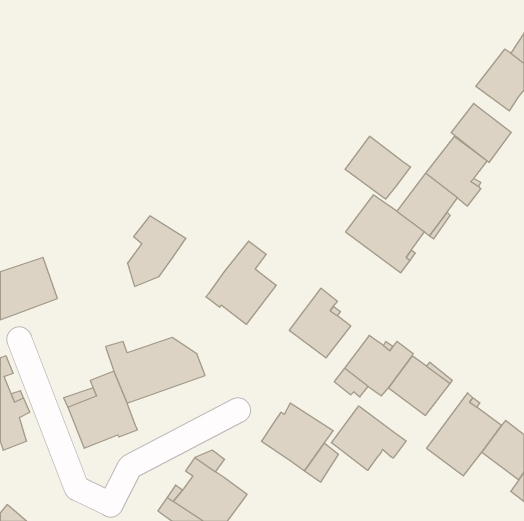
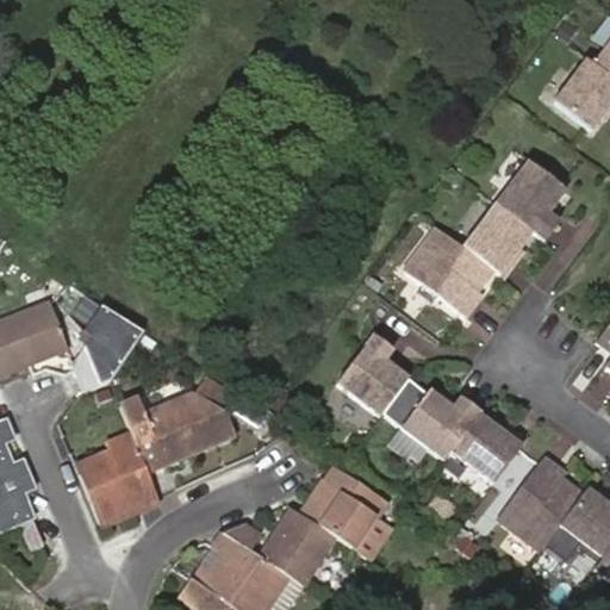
building: [451,103,511,162] -> none
building: [345,136,411,199] -> none
building: [127,216,186,287] -> [75,306,143,388]
building: [206,241,276,324] -> none
building: [331,406,406,470] -> none
building: none -> [261,505,337,584]

